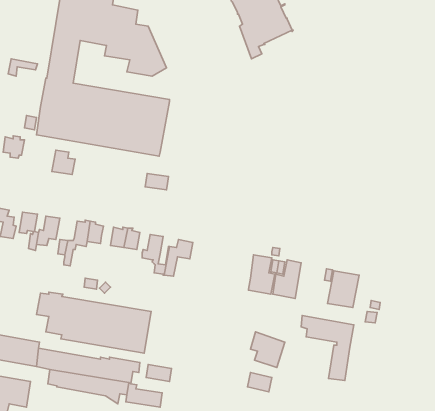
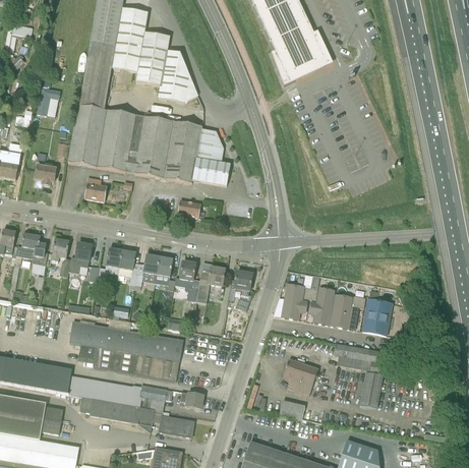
building: none -> [192,128,230,185]
building: none -> [234,272,252,311]
building: none -> [329,293,353,330]

